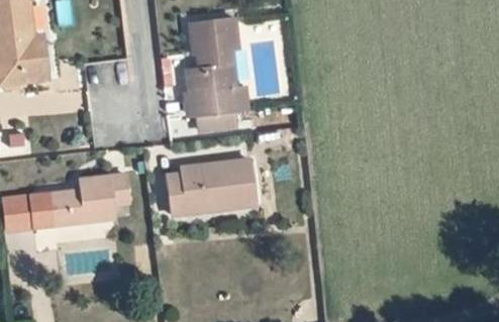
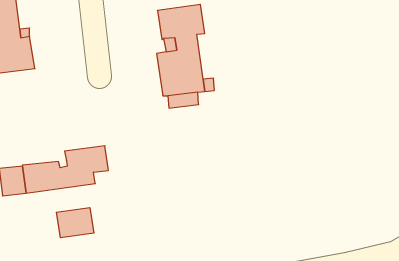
building: [184,164,272,222] -> none
building: none -> [56,208,94,238]

